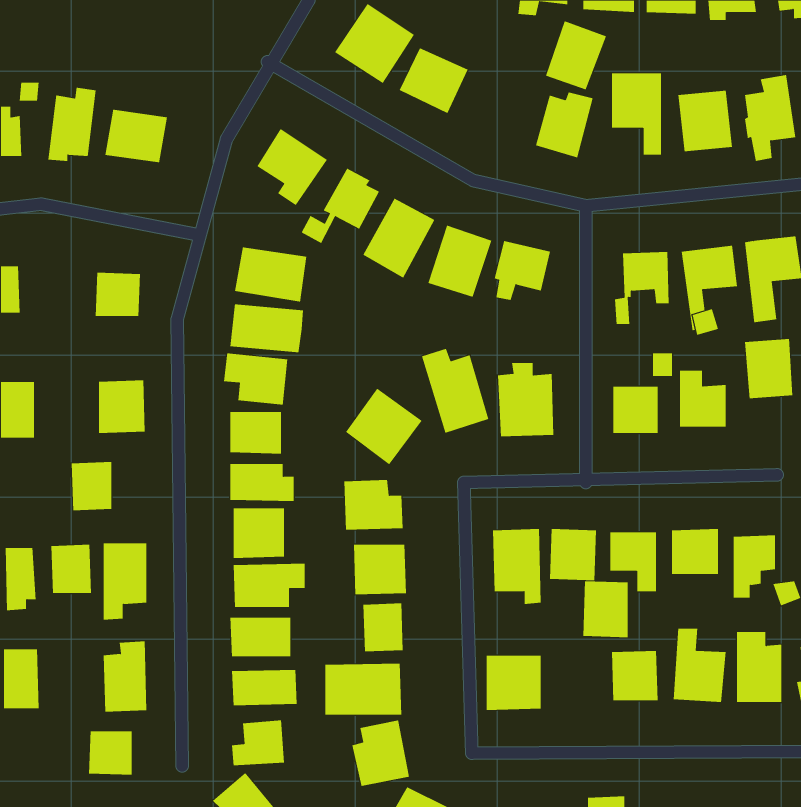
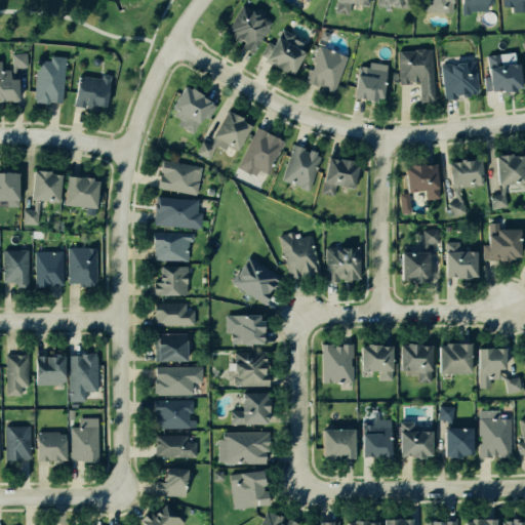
building: [545,20,607,90] -> [308,48,348,93]
building: none -> [28,171,59,223]
building: [71,462,112,511] -> [37,253,64,285]
building: [583,581,628,638] -> [362,420,392,457]
building: [88,731,132,775] -> [38,431,67,459]

